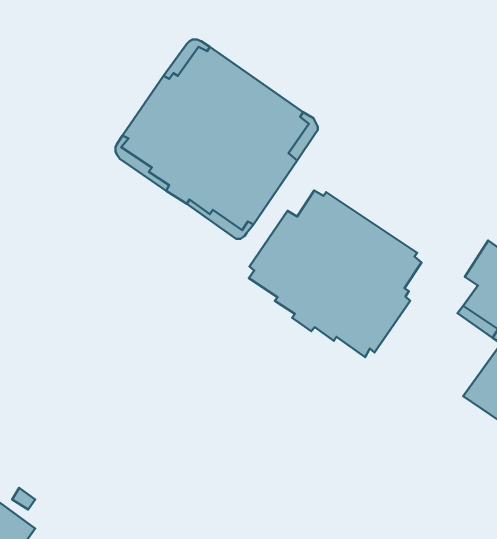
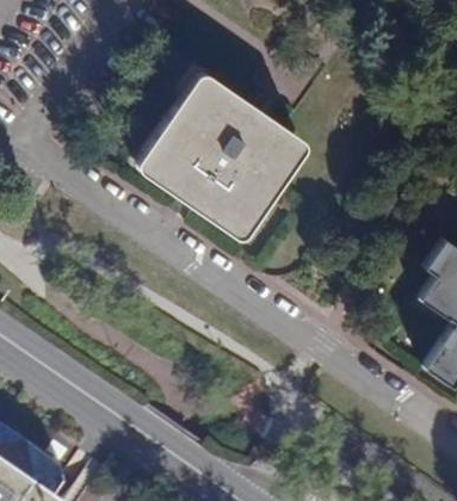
building: [249,191,422,357] -> none

